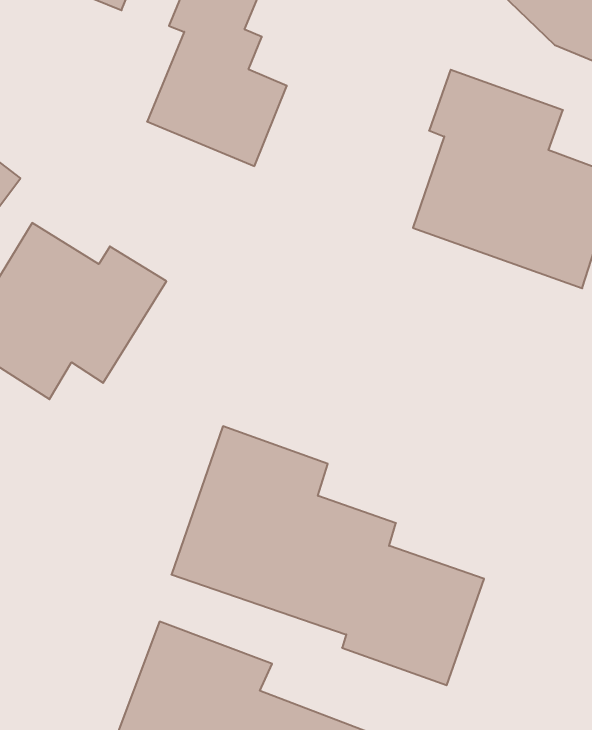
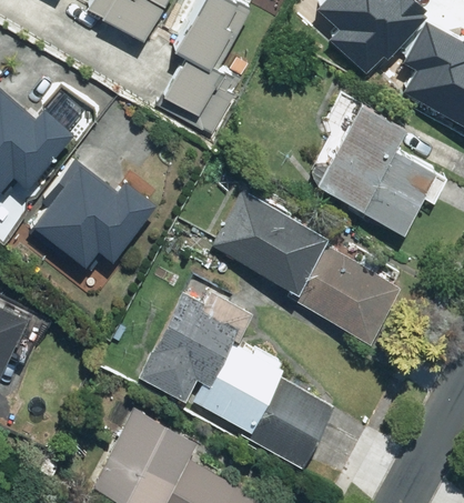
building: none -> [211,189,400,342]

